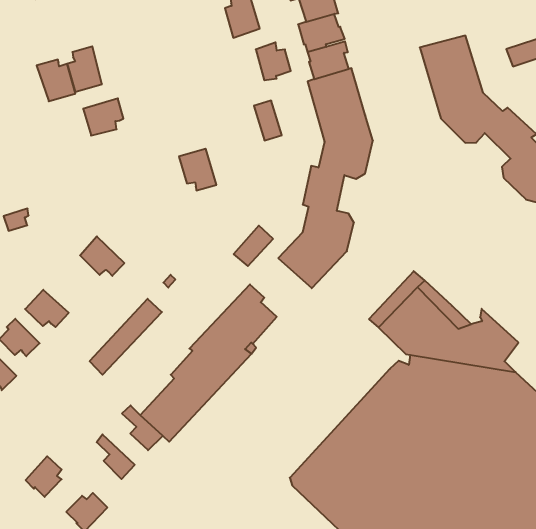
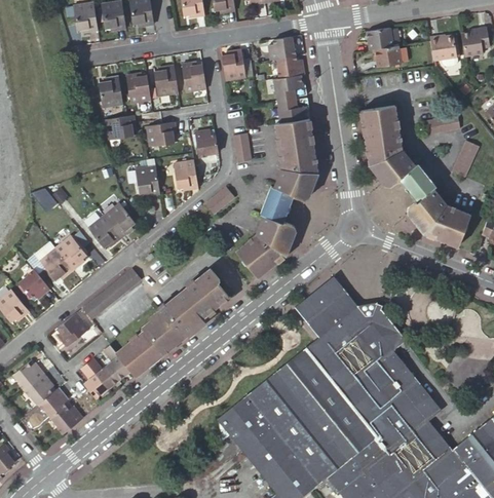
building: none -> [181,62,205,91]
building: none -> [153,65,179,95]
building: [256,42,291,80] -> [194,131,218,158]
building: [37,60,75,101] -> [126,73,152,103]
building: none -> [147,123,177,149]
building: none -> [135,168,159,198]
building: none -> [104,203,132,238]
building: [234,226,273,266] -> [203,186,234,215]
building: none -> [59,237,85,269]
building: none -> [58,314,88,347]
building: none -> [87,357,119,388]
building: none -> [15,361,44,388]
building: none -> [39,386,69,416]

